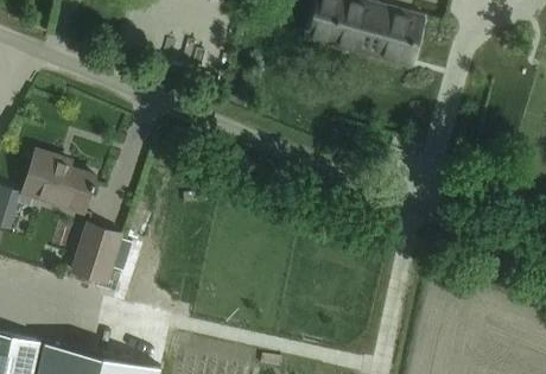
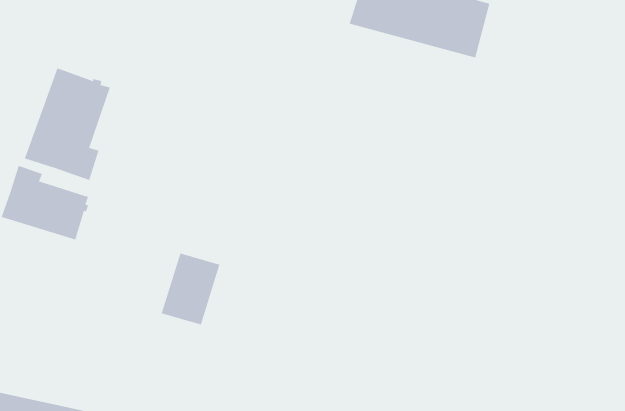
building: none -> [24,67,111,181]
building: [70,223,119,283] -> [161,253,220,325]

